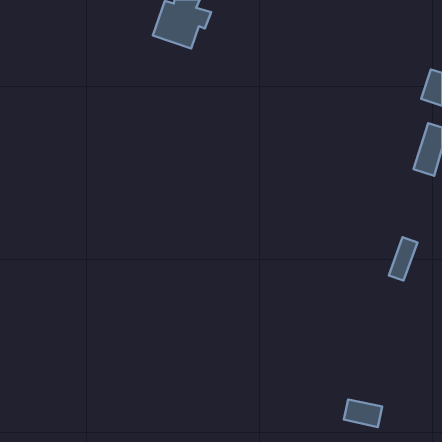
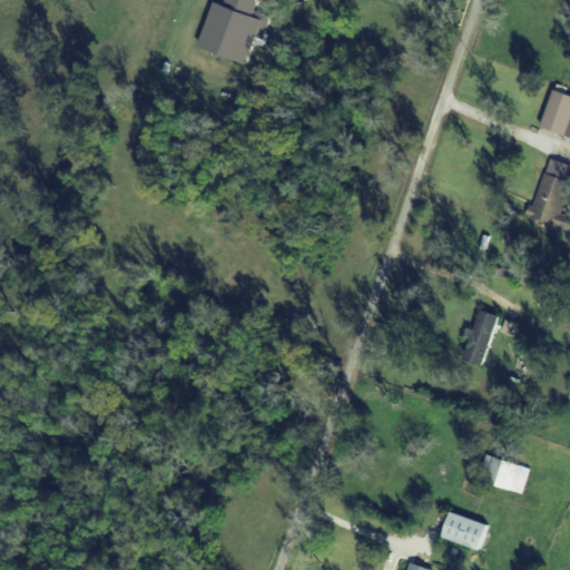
building: [389,237,417,281] -> [462,309,499,365]
building: none -> [482,455,531,493]

